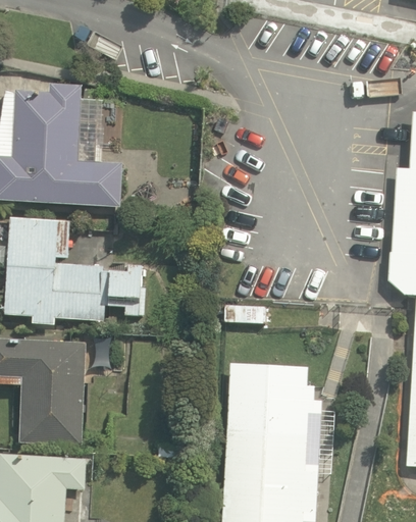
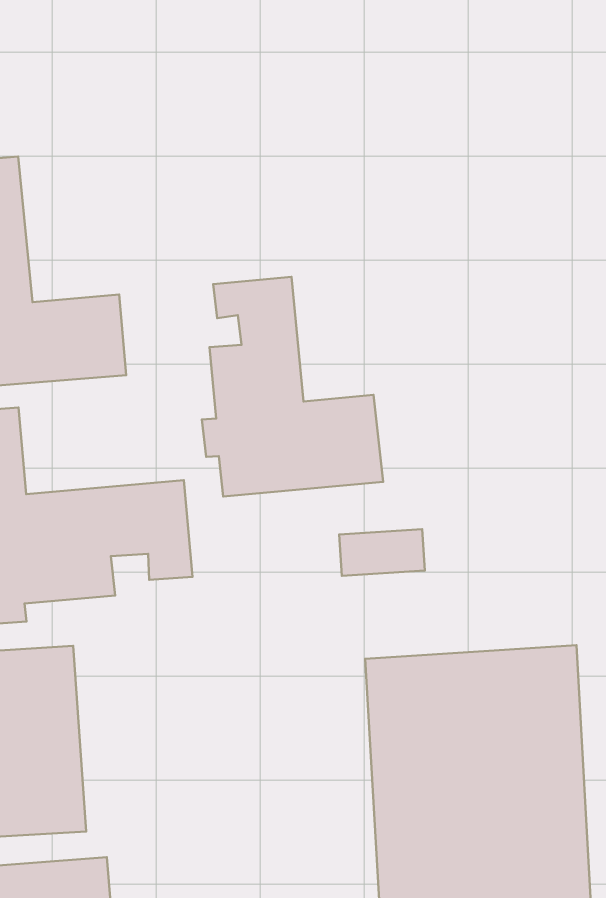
building: none -> [202,277,383,496]

